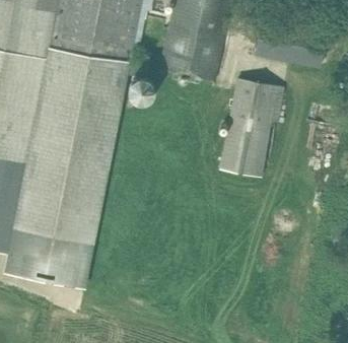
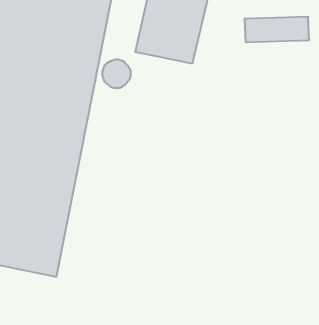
building: [220,78,284,178] -> none

